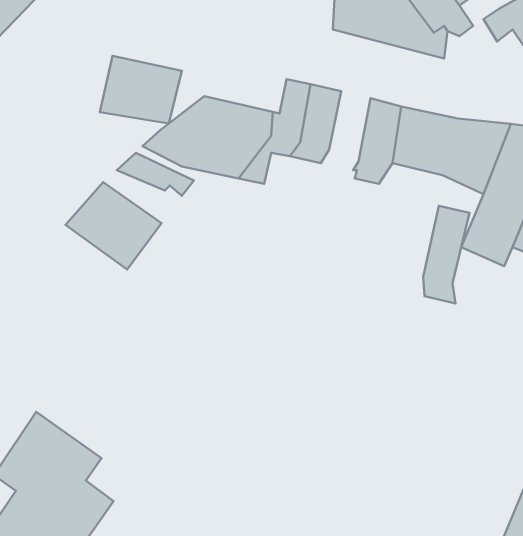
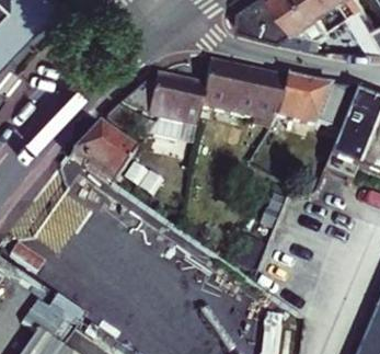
building: [100,56,182,123] -> none
building: none -> [235,68,267,118]
building: [423,206,470,303] -> none

